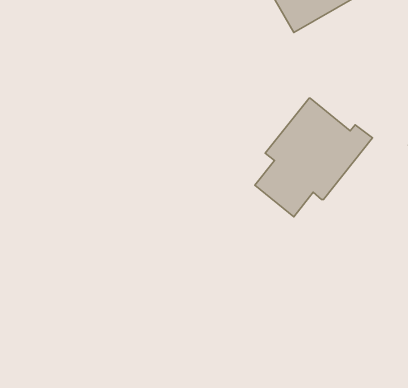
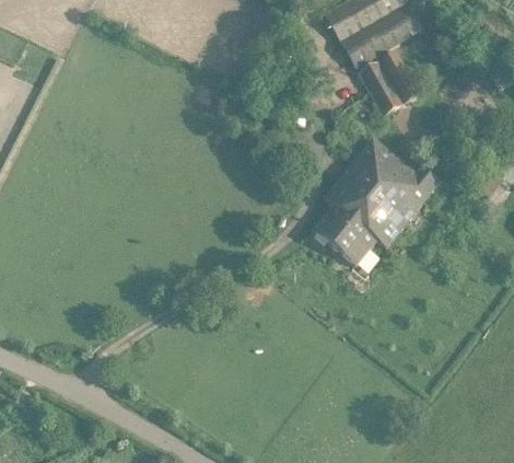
building: none -> [355,51,422,119]

